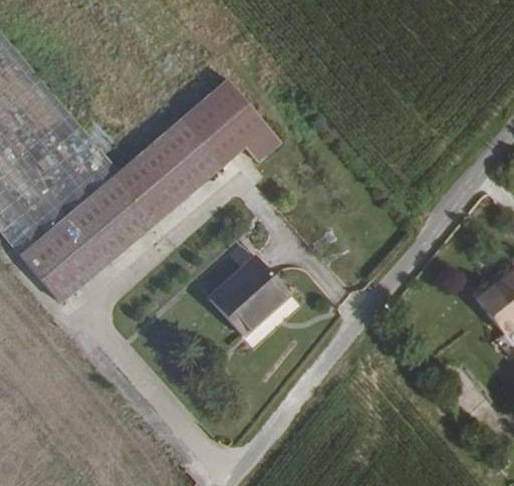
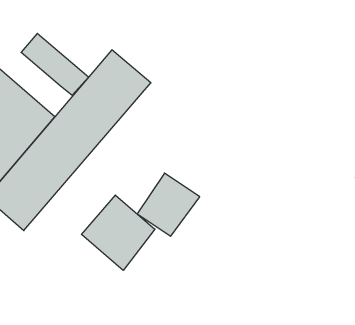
building: [201,79,279,161] -> [21,33,89,95]
building: none -> [81,195,155,270]

